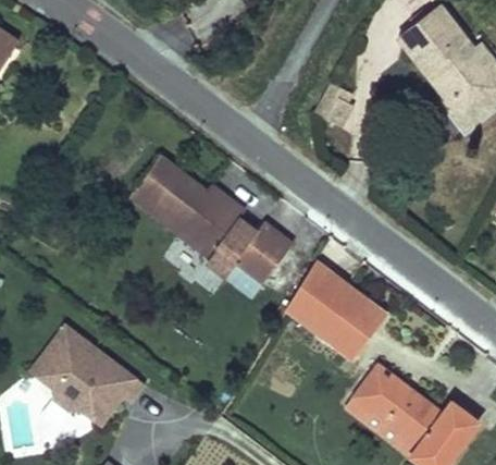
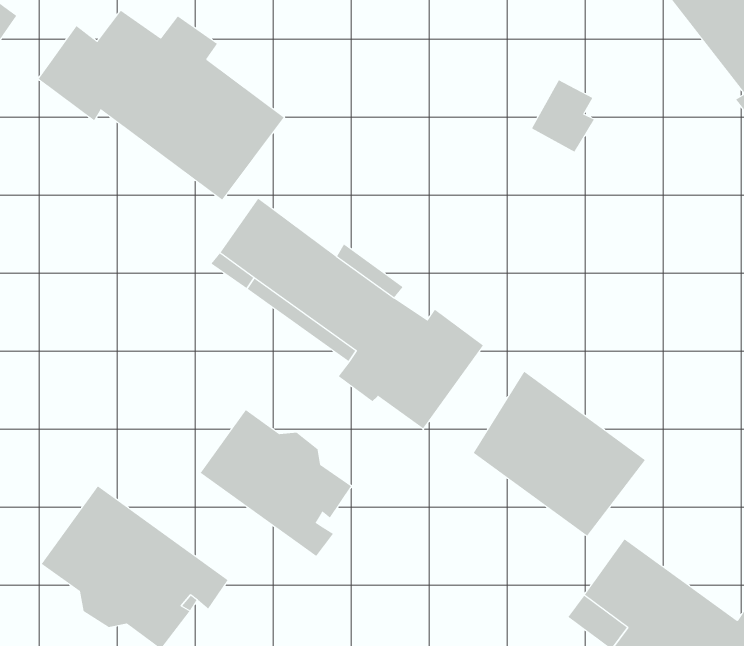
building: none -> [38,10,284,200]
building: none -> [200,409,352,557]

